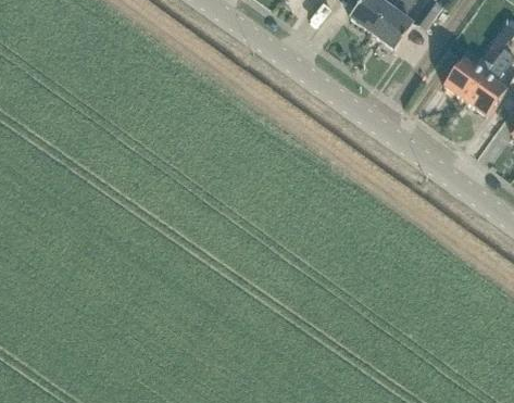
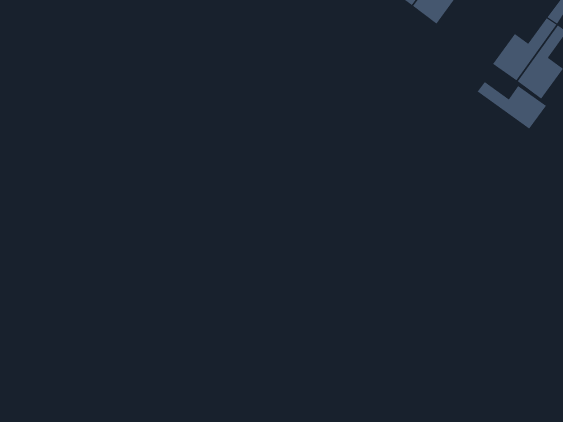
building: none -> [477,81,547,129]

